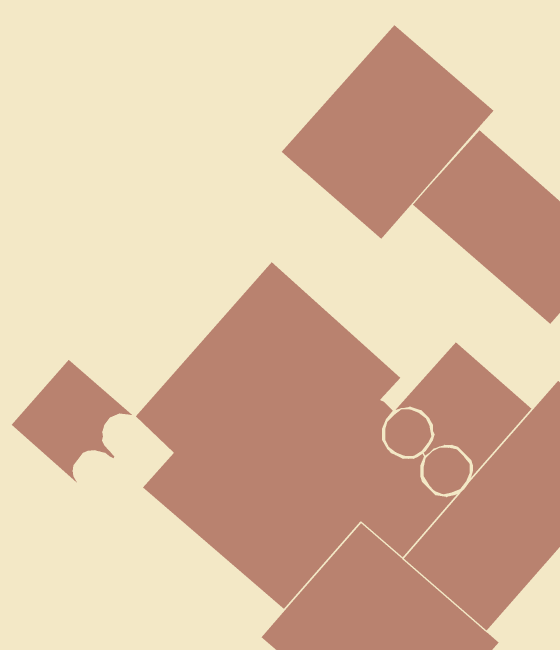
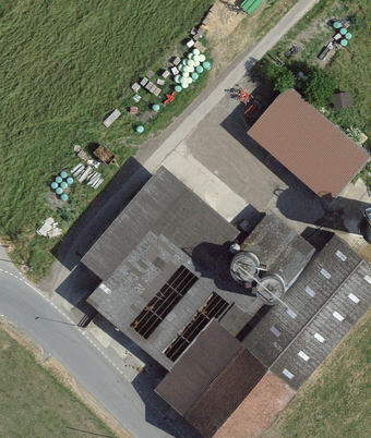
building: [281,24,495,240] -> none
building: [11,359,135,485] -> none

